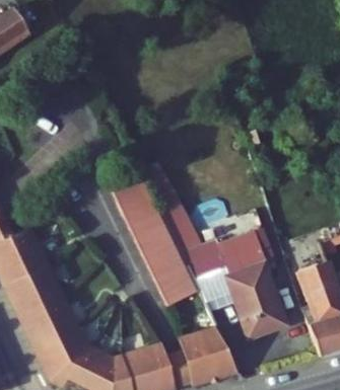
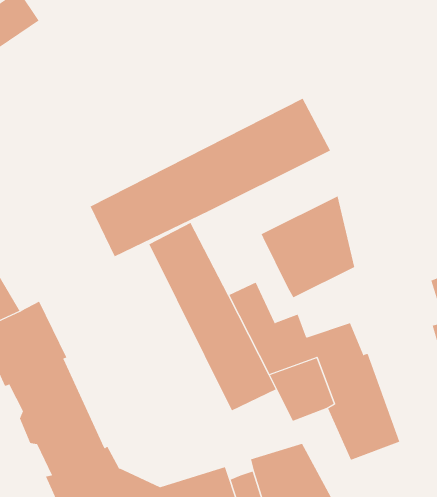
building: none -> [90,98,331,257]
building: none -> [261,196,355,298]

